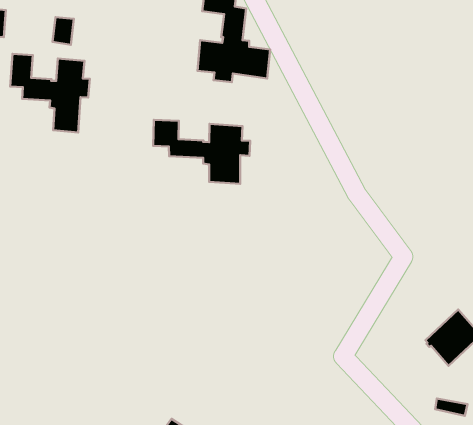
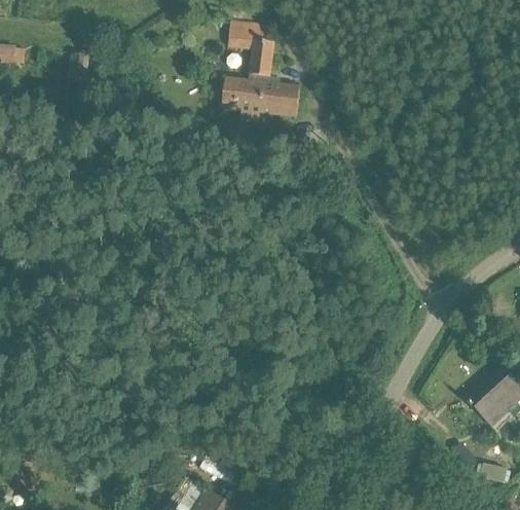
building: [10,54,90,132] -> none
building: [153,120,250,184] -> none

